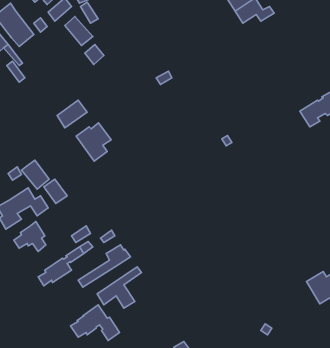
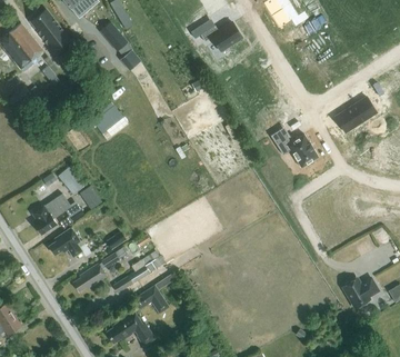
building: none -> [201,23,242,51]
building: [76,123,111,161] -> none
building: none -> [276,133,319,167]

